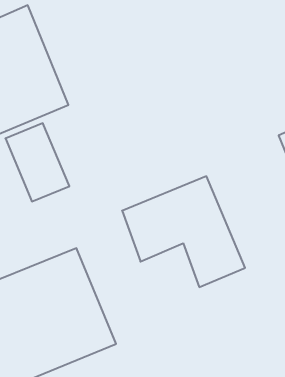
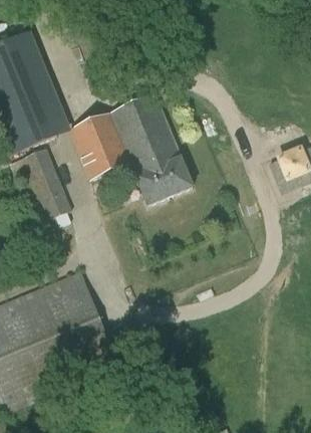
building: [122,176,245,287] -> [70,93,192,203]

